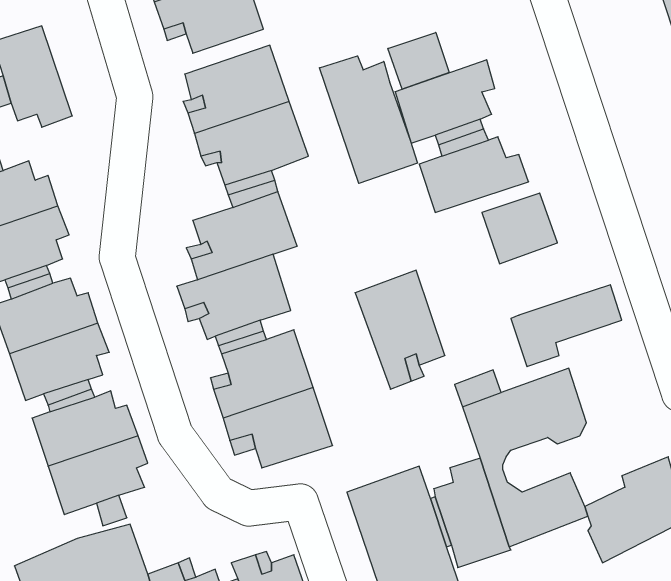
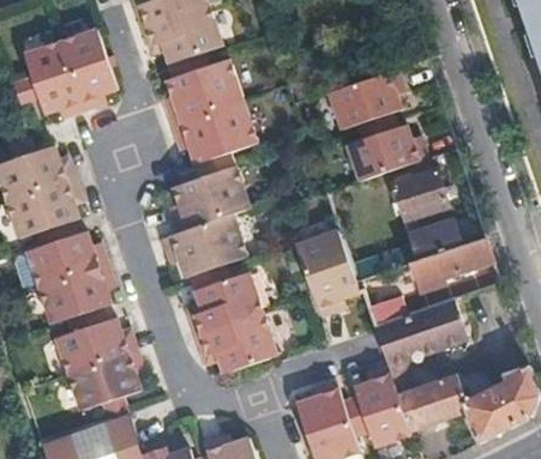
building: none -> [61,31,118,110]
building: [388,32,449,89] -> none
building: [319,56,418,183] -> none
building: none -> [410,219,461,259]

